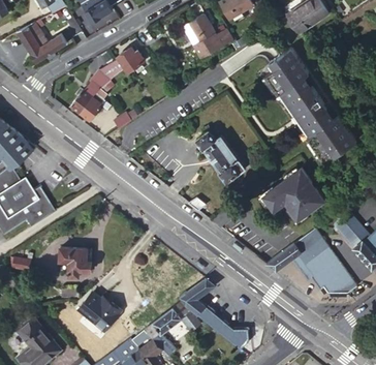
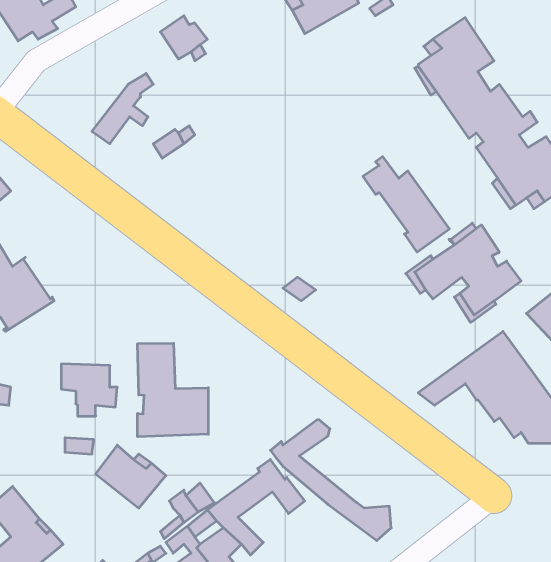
building: [69,60,123,114] -> none
building: [195,128,245,183] -> [363,157,449,252]
building: none -> [138,343,208,437]

